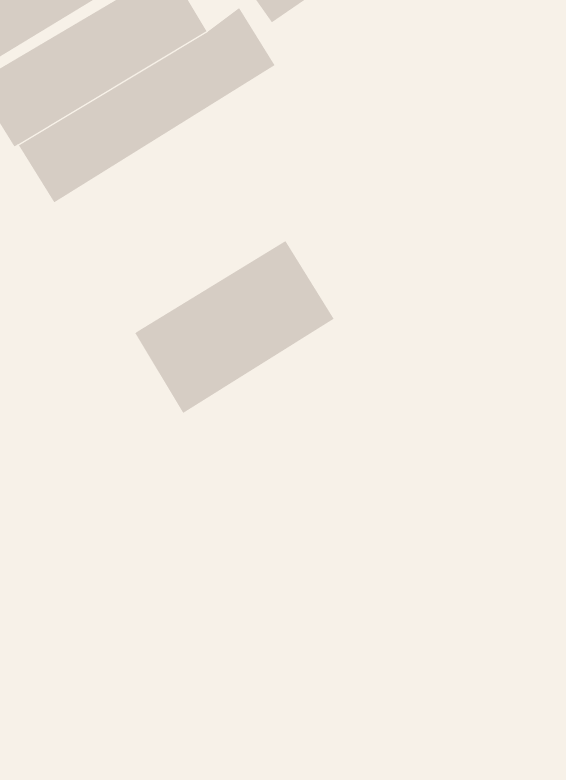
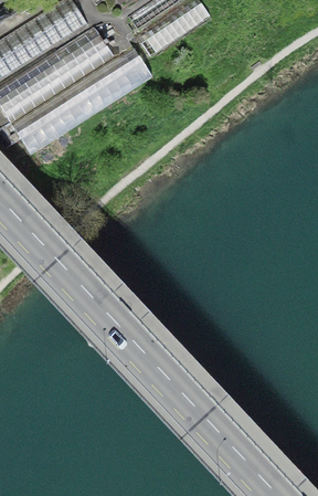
building: [134,240,335,414] -> none

